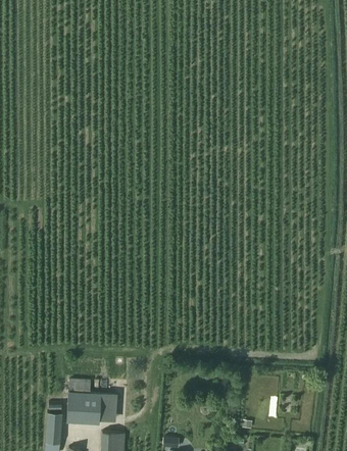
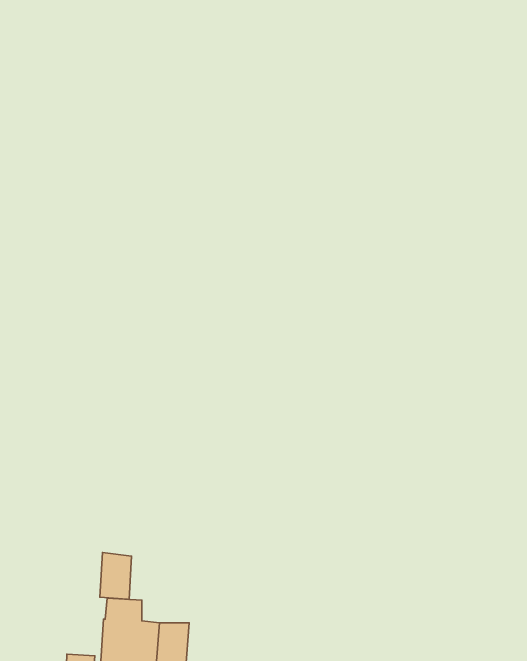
building: none -> [100,552,132,599]

